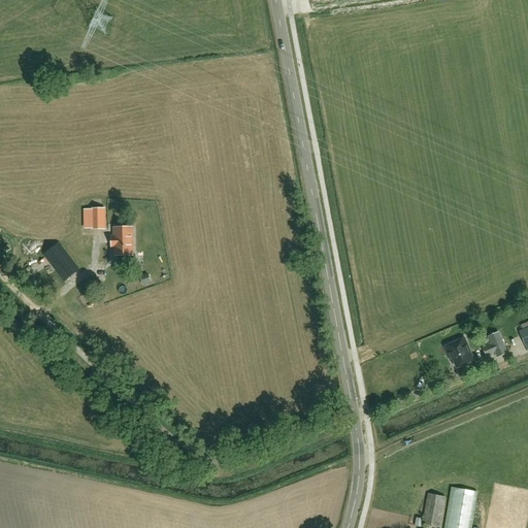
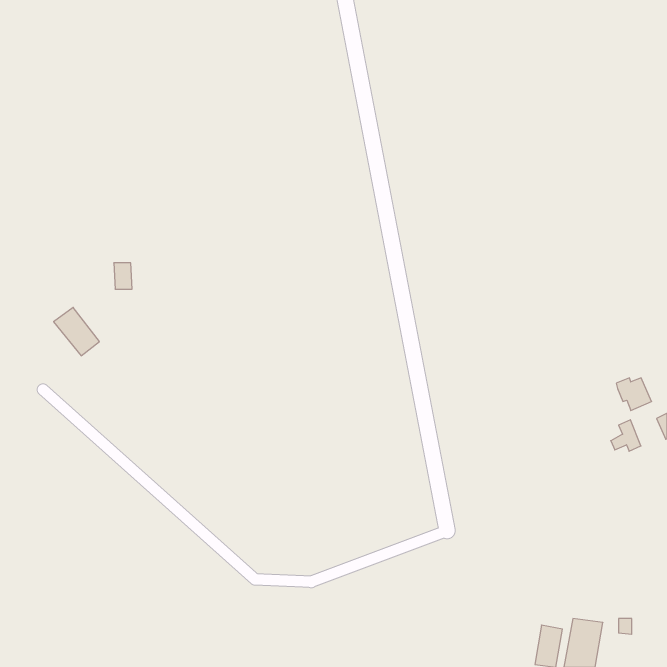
building: [110,227,132,262] -> none
building: [444,341,472,367] -> [616,378,652,411]

